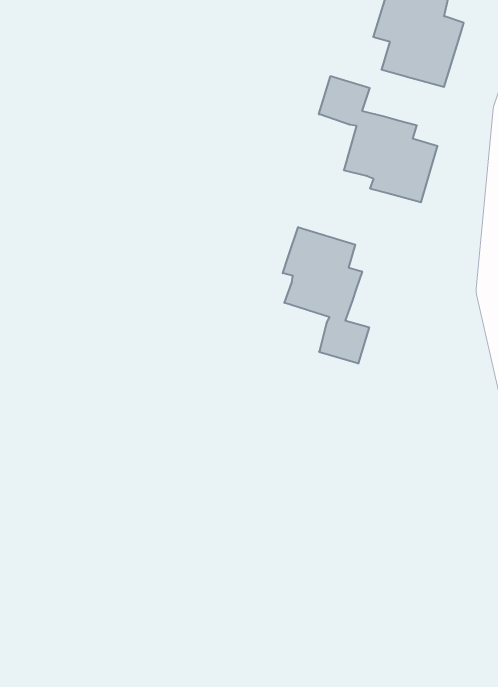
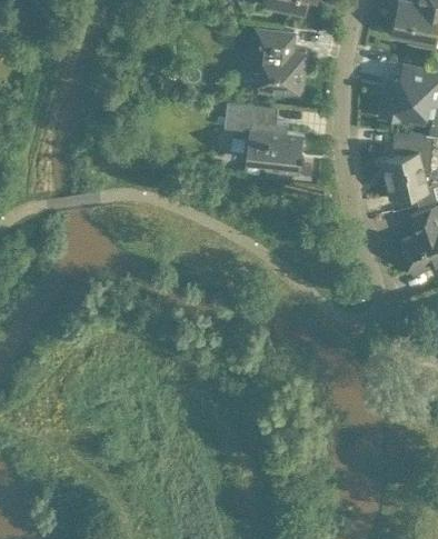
building: [283,227,369,364] -> none

